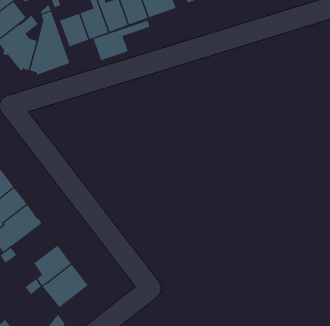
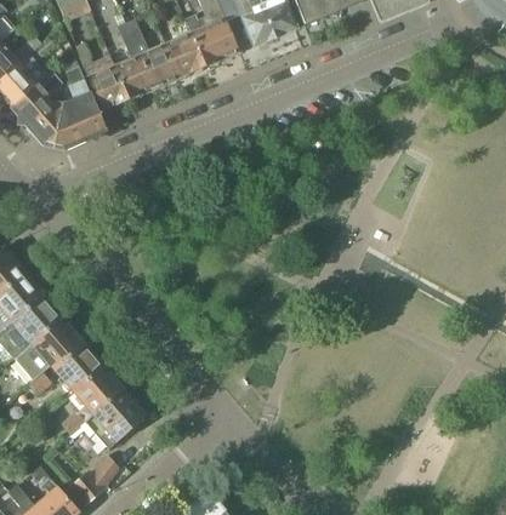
building: [93,20,150,61] -> none
building: none -> [51,339,104,391]

